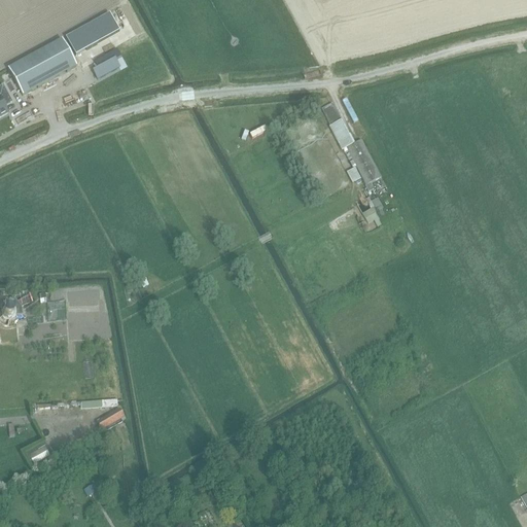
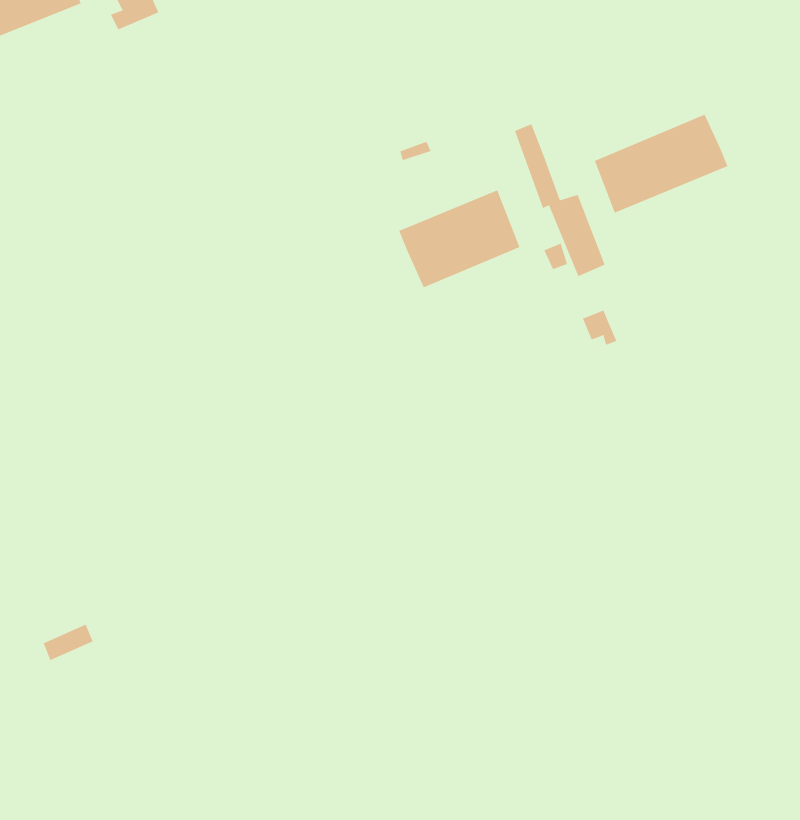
building: none -> [594,114,728,213]
building: none -> [398,189,520,288]

